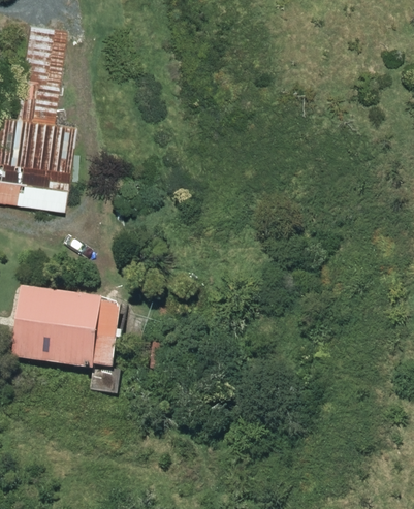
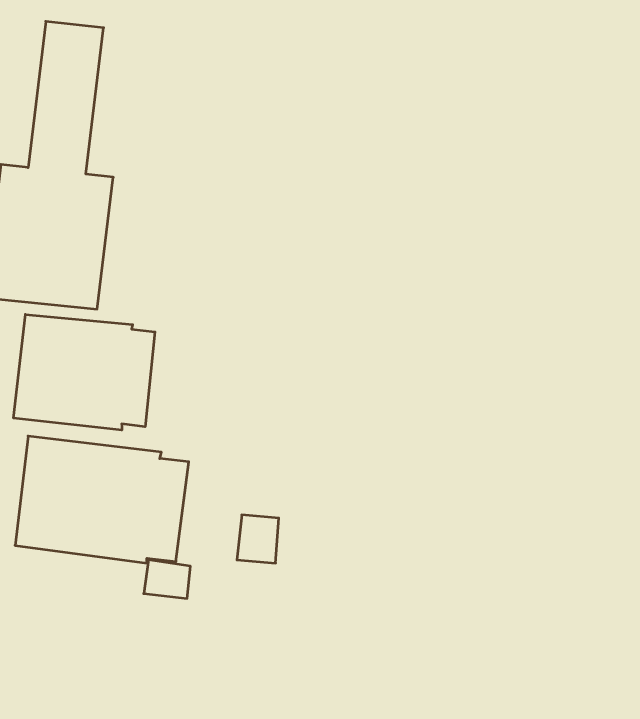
building: none -> [14,314,155,430]

